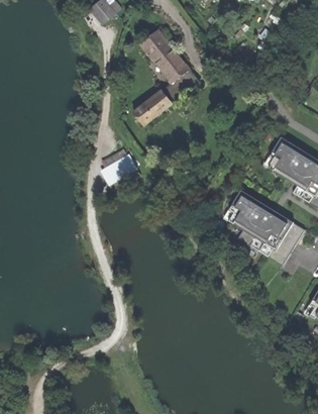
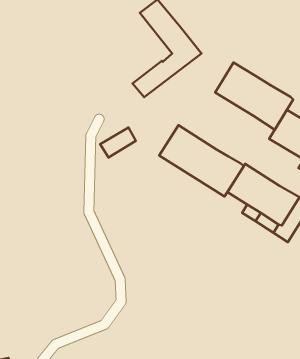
building: none -> [215,62,293,130]
building: none -> [159,125,244,197]

